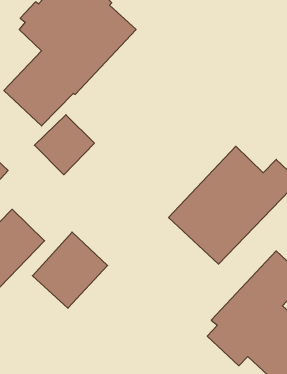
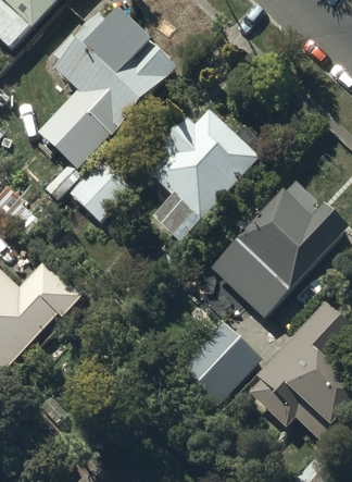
building: none -> [150,112,272,246]
building: [32,232,108,308] -> [179,322,260,404]

